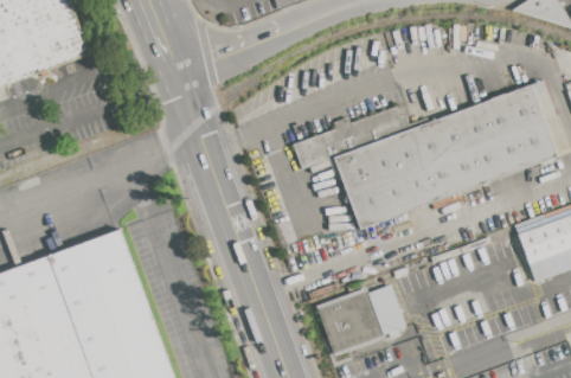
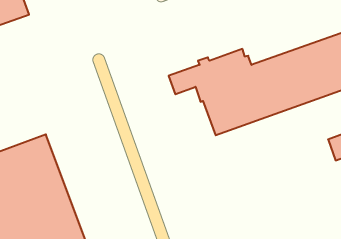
building: [317,287,403,355] -> none

